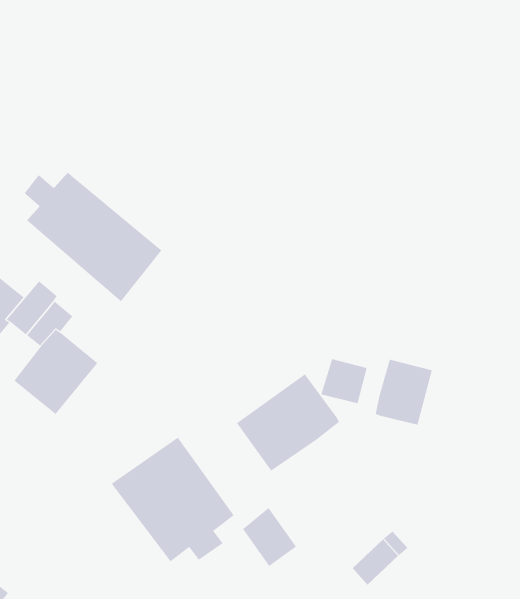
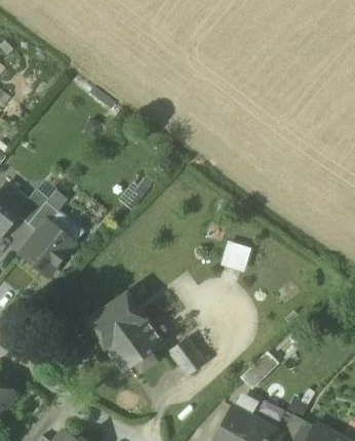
building: [24,172,162,302] -> none
building: [375,359,432,426] -> none
building: [236,373,340,472] -> none

